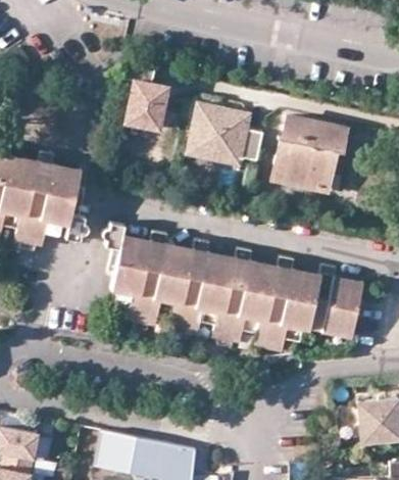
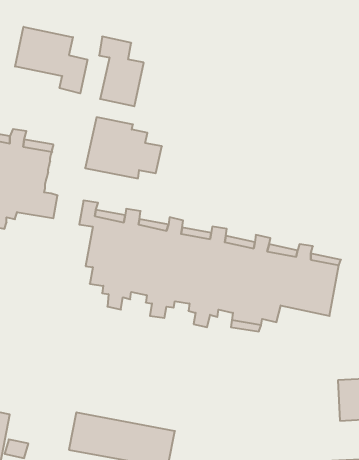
building: none -> [15,27,87,93]
building: [187,106,262,166] -> [85,117,162,178]
building: [275,116,346,192] -> none

